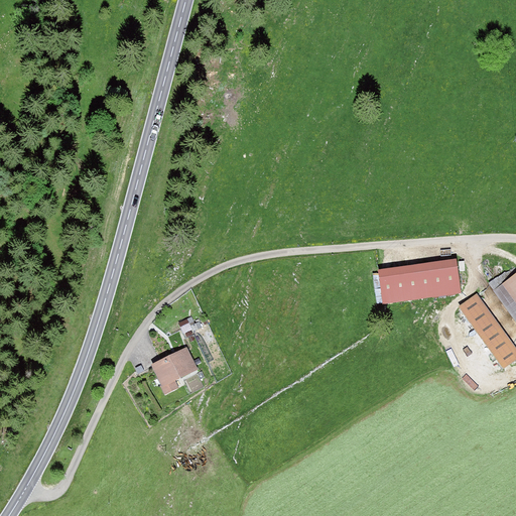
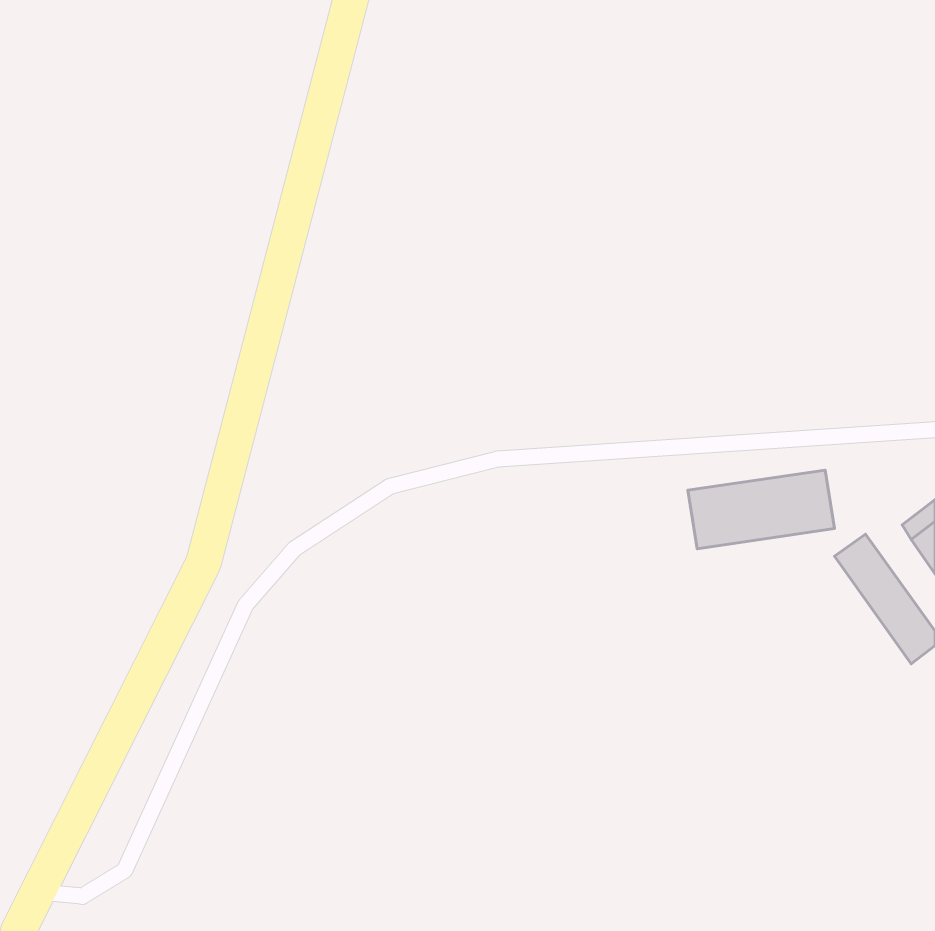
building: [154,349,196,391] -> none

